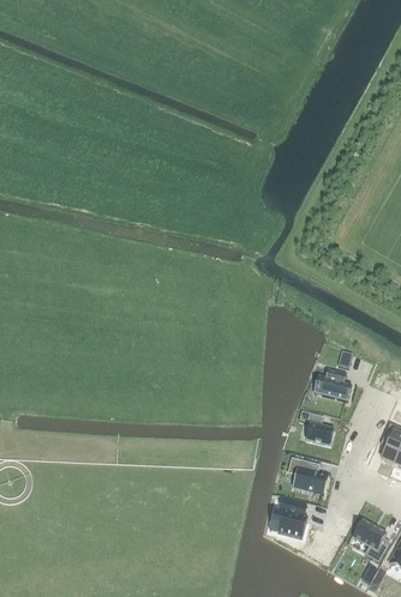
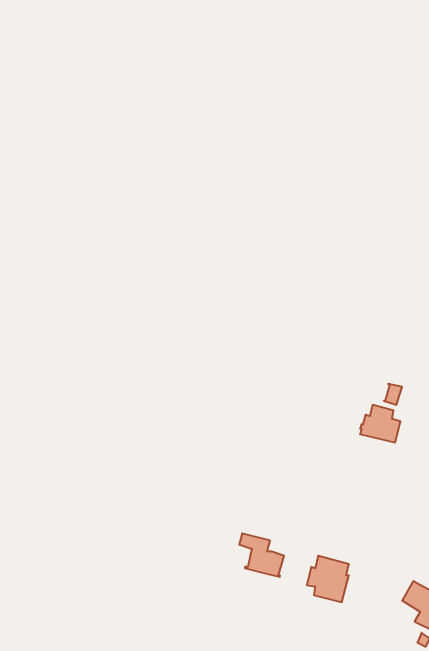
building: [299,410,334,445] -> none
building: [289,457,328,494] -> [239,533,284,577]

